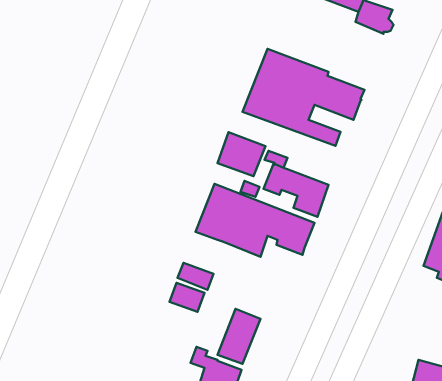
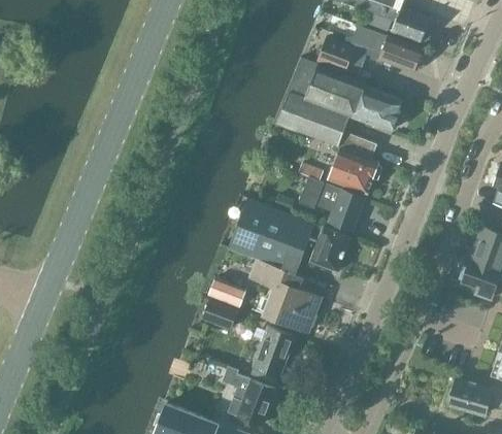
building: none -> [353,26,422,72]
building: none -> [317,37,354,71]
building: [217,132,265,176] -> [330,148,379,194]
building: none -> [249,258,322,332]

